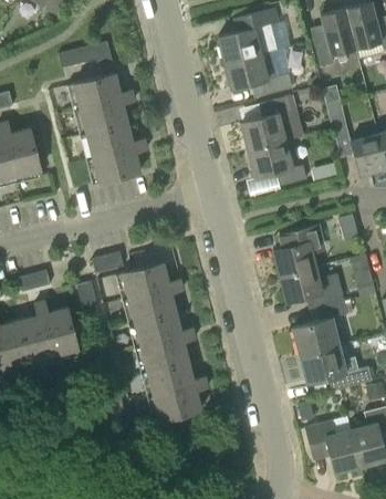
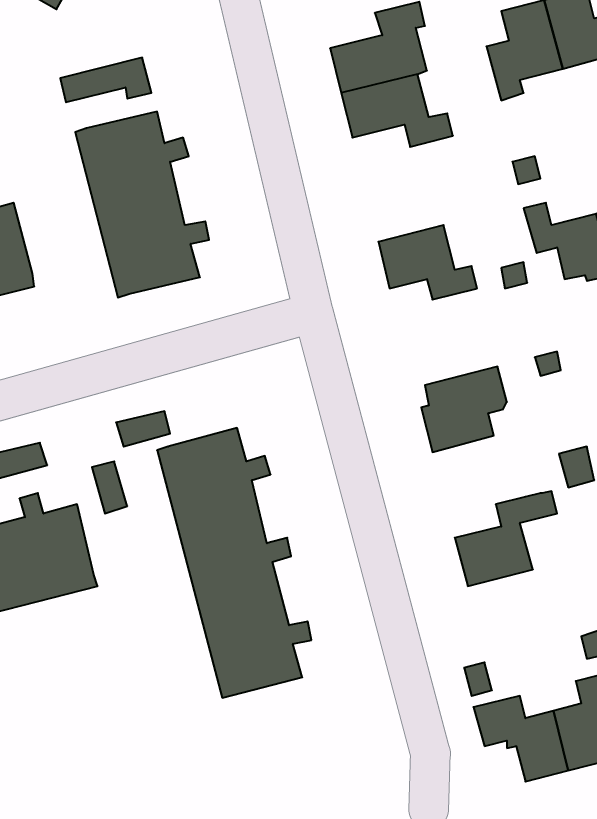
building: [241,95,304,150] -> none
building: [280,266,345,309] -> none
building: [301,345,373,389] -> none

